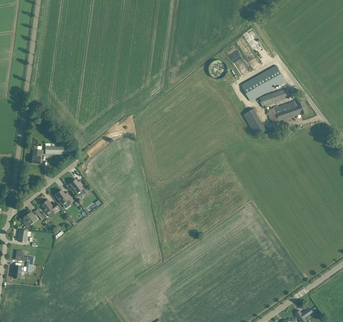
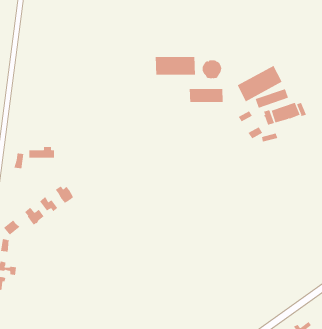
building: none -> [155,56,195,75]
building: none -> [189,88,223,103]

